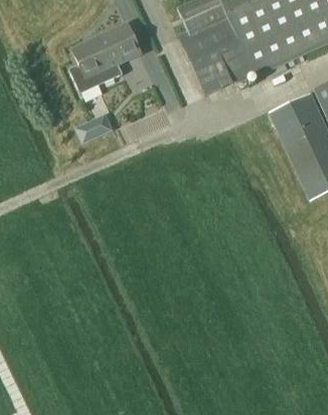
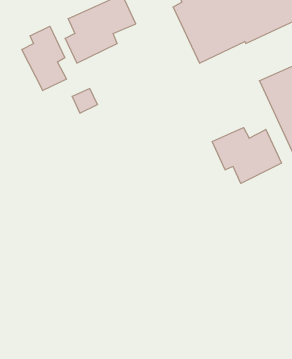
building: none -> [22,26,66,91]
building: none -> [212,128,281,183]

